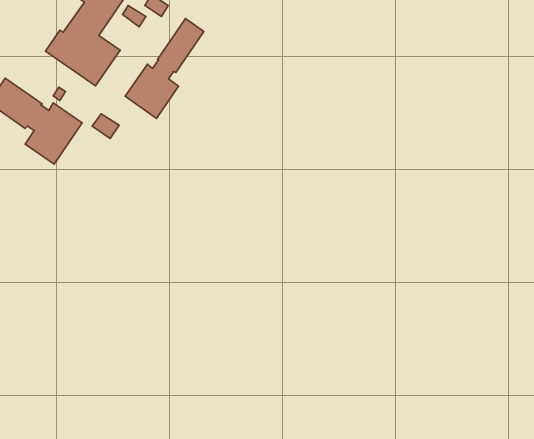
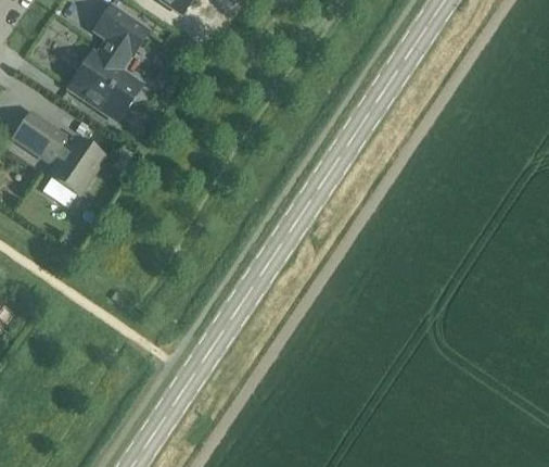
building: [125,18,204,118] -> none

